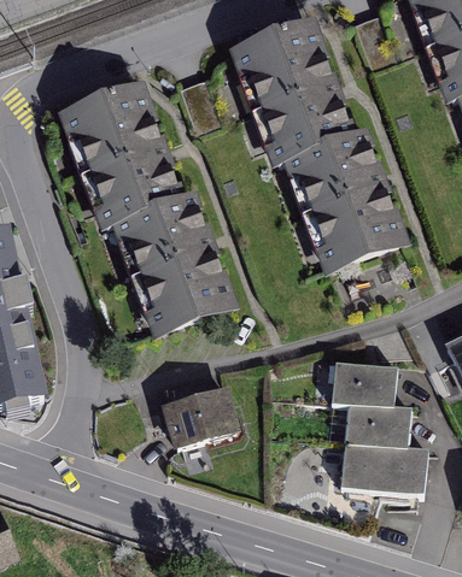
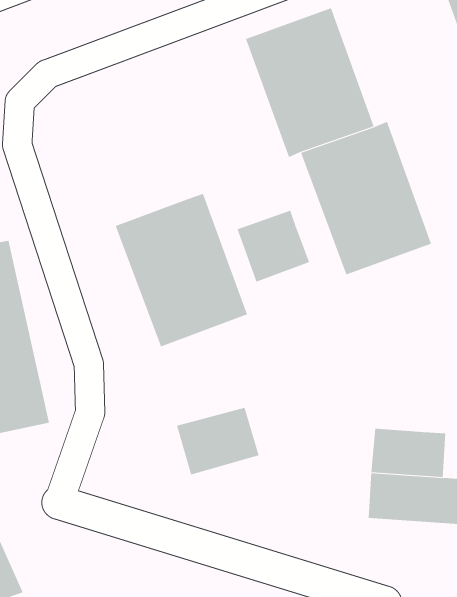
building: [55,81,177,224] -> none
building: none -> [237,210,310,283]
building: [333,365,397,410] -> none

